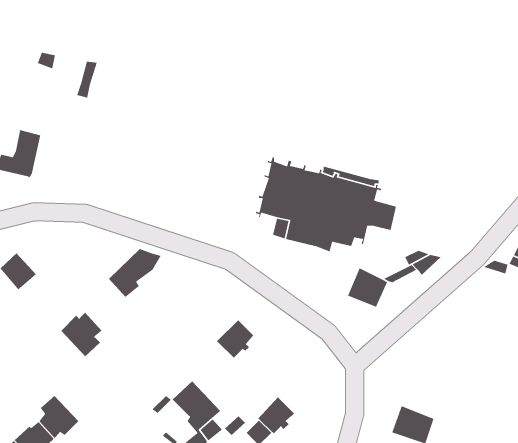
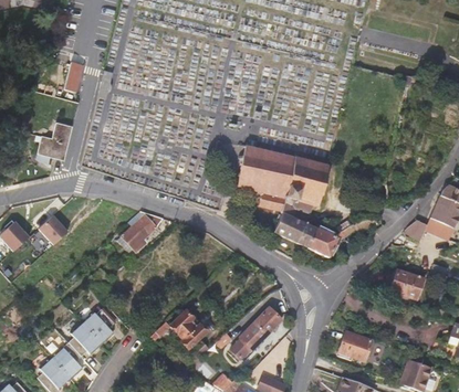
building: none -> [272,210,314,247]
building: [60,312,102,357] -> [82,308,114,342]
building: [216,319,254,359] -> [252,307,281,337]
building: none -> [390,269,424,298]

